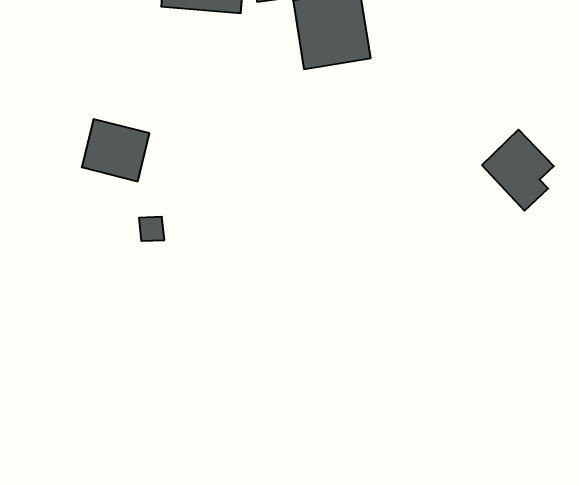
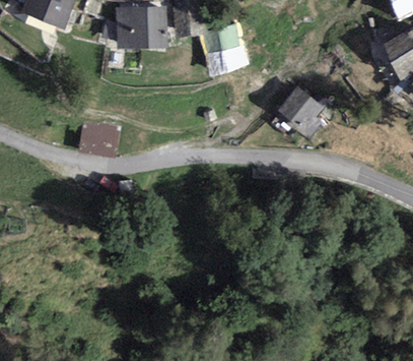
building: [482,130,554,211] -> [277,86,322,136]

